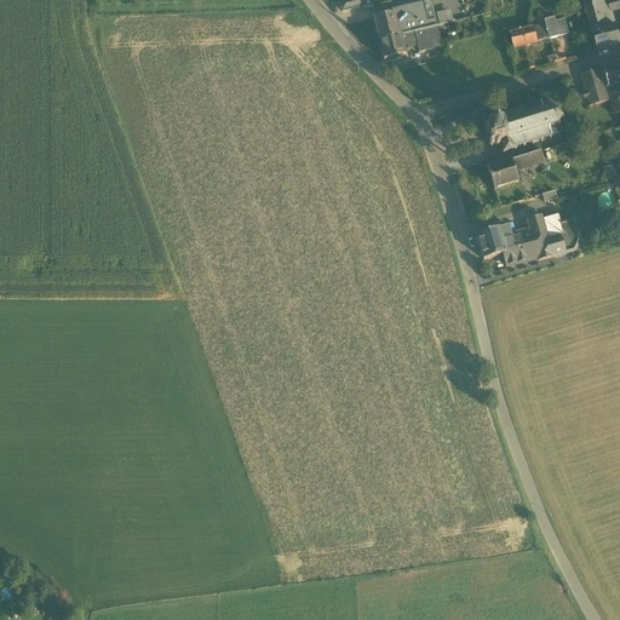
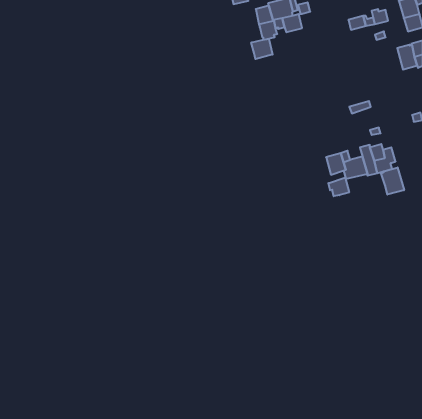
building: none -> [251,39,273,59]
building: [486,96,564,149] -> none
building: [488,156,519,185] -> none
building: none -> [381,167,404,195]
building: none -> [328,178,349,196]

